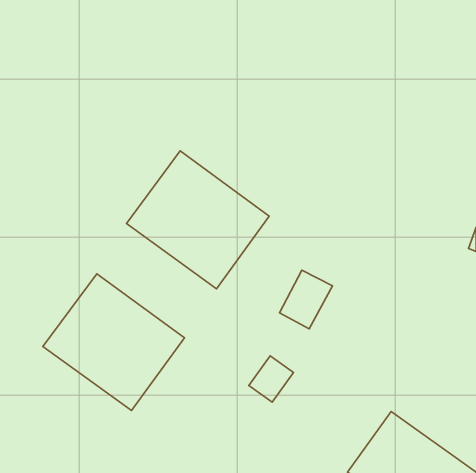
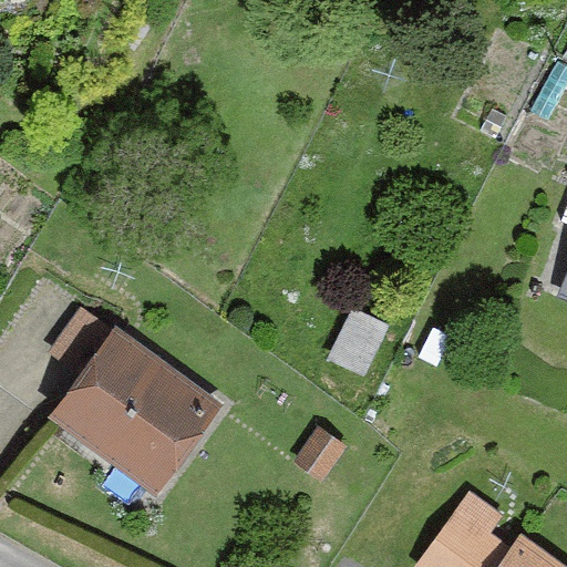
building: [126,151,269,289] -> none

